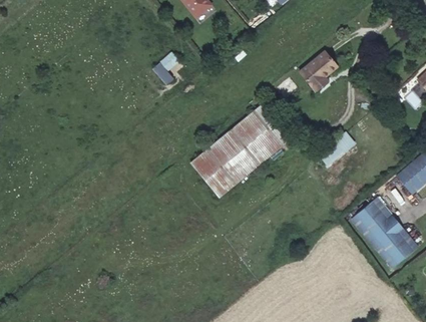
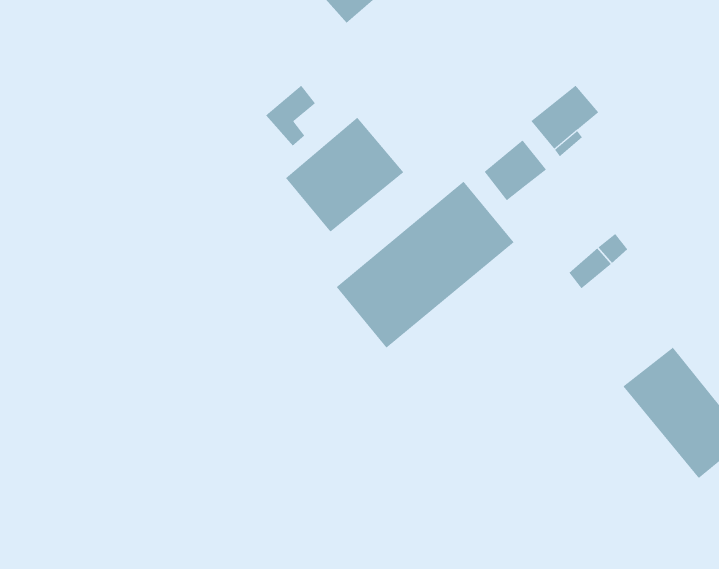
building: none -> [285,117,404,233]
building: none -> [484,139,547,201]

